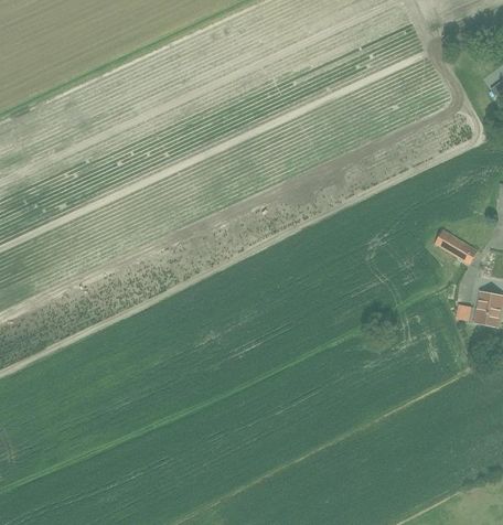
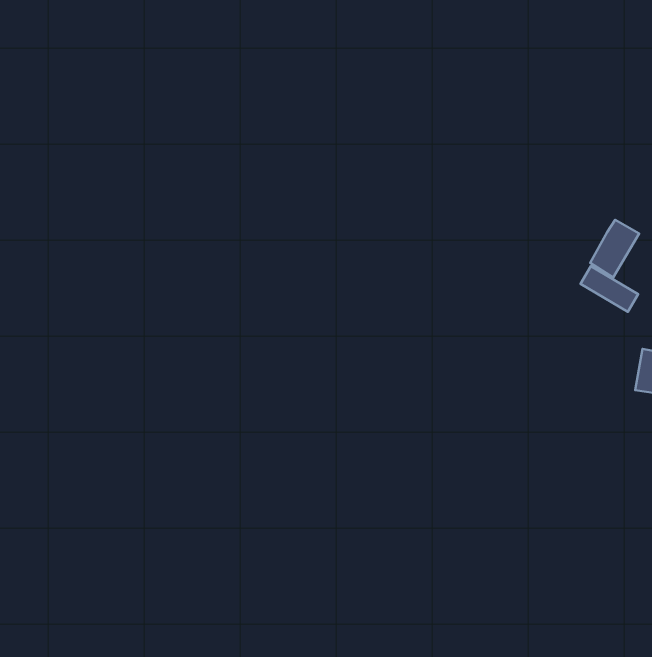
building: none -> [590,220,639,278]

